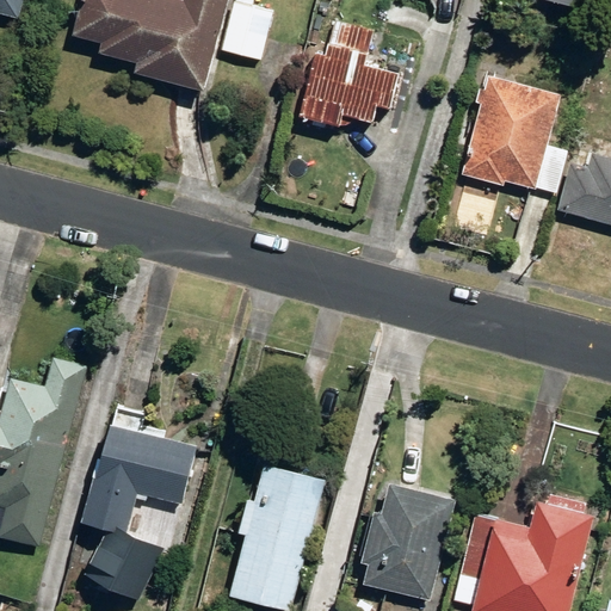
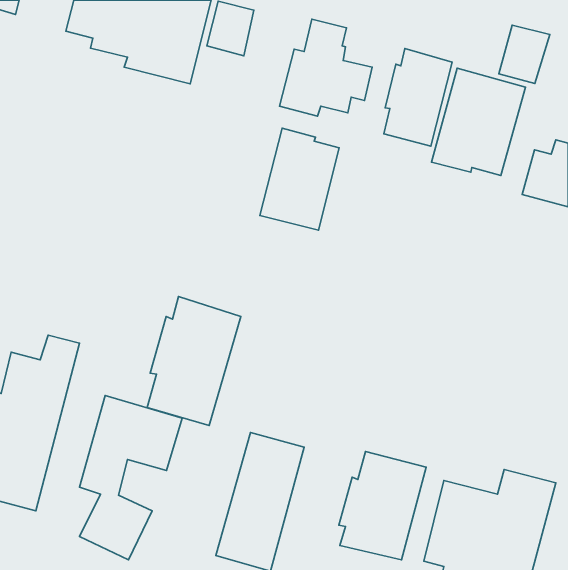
building: none -> [499,25,550,84]
building: none -> [384,49,452,146]
building: none -> [260,128,339,230]
building: none -> [147,296,241,426]

